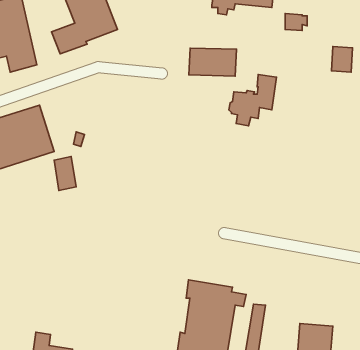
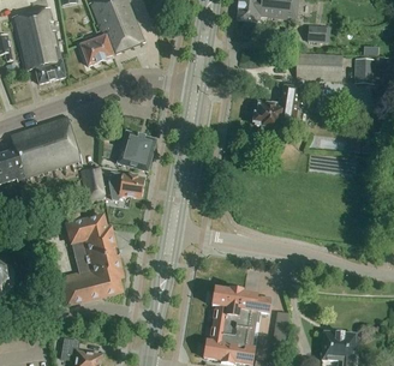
building: [189,48,237,76] -> [297,53,344,80]
building: none -> [118,131,157,172]
building: none -> [109,170,145,199]
building: none -> [61,212,124,305]

